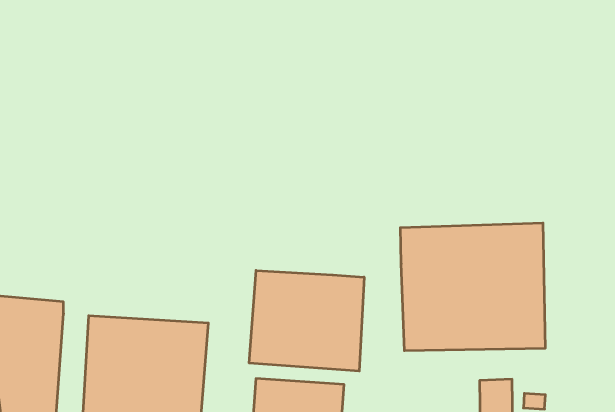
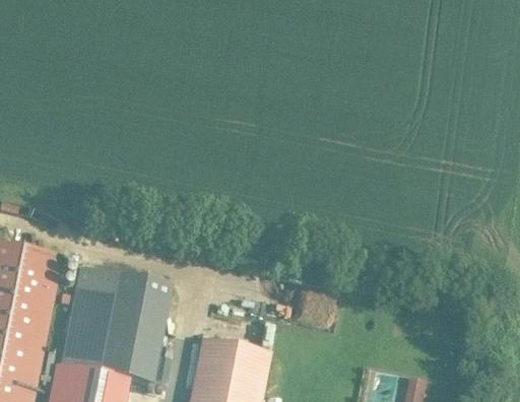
building: [400,223,545,351] -> none
building: [249,270,364,371] -> none

